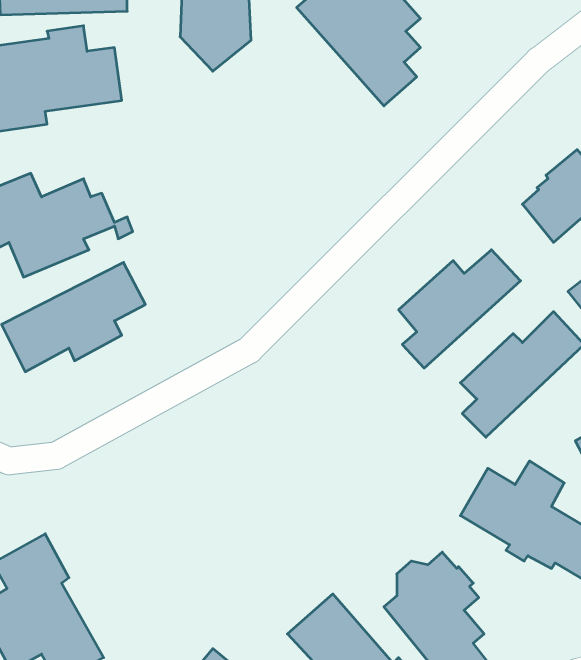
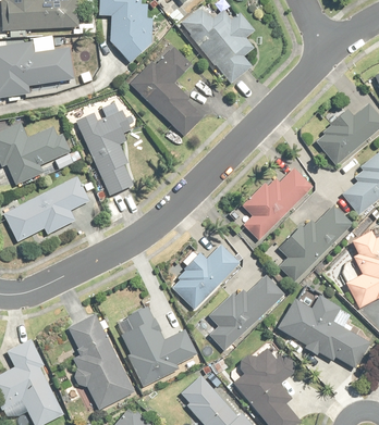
building: none -> [130,47,205,137]
building: none -> [76,109,135,193]
building: none -> [171,245,239,310]
building: none -> [207,284,283,351]
building: none -> [117,307,197,385]
building: none -> [68,313,134,409]

